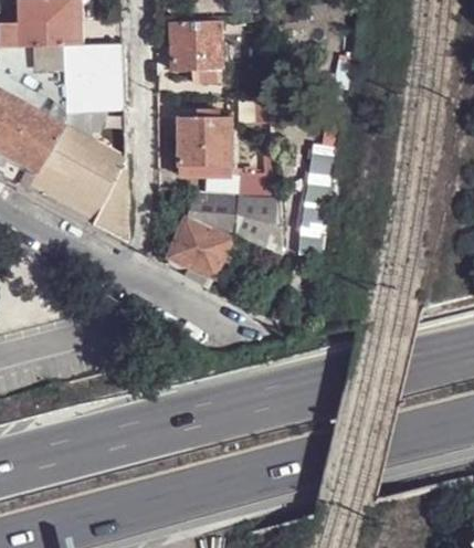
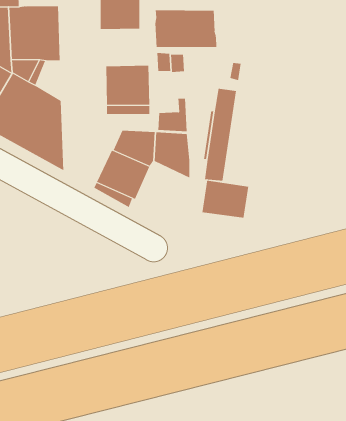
building: none -> [155,10,217,48]
building: none -> [202,180,249,218]

